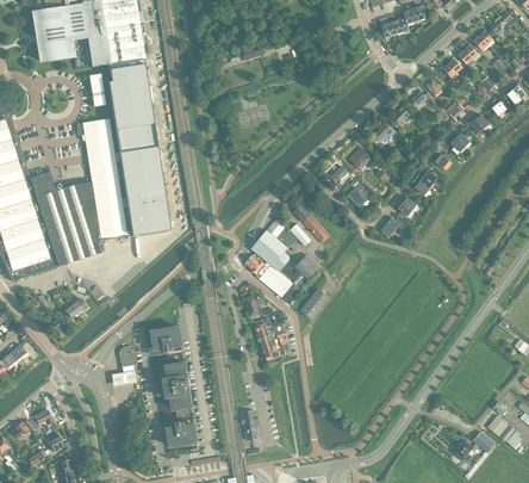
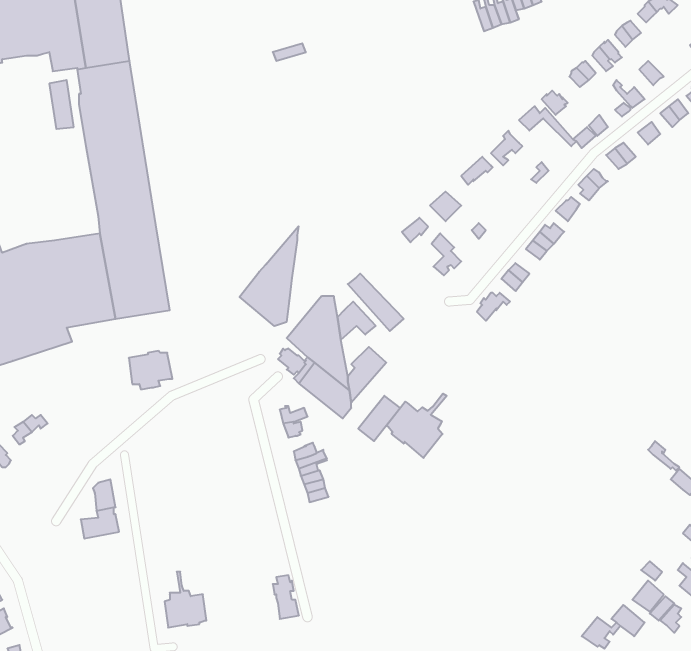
building: [75,117,123,181] -> none
building: none -> [240,226,299,326]
building: none -> [386,394,447,458]
building: [151,326,181,352] -> [129,351,172,389]
building: [160,363,191,408] -> none

